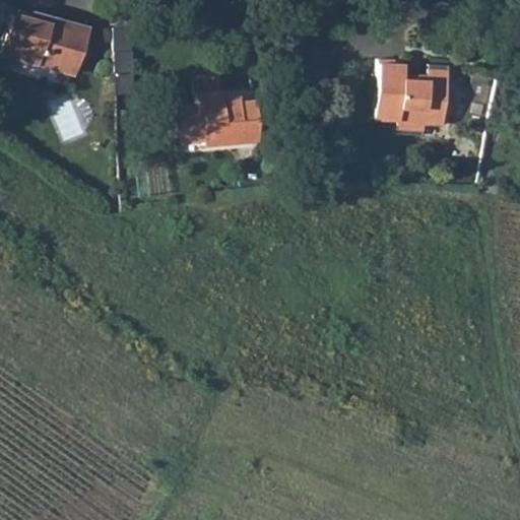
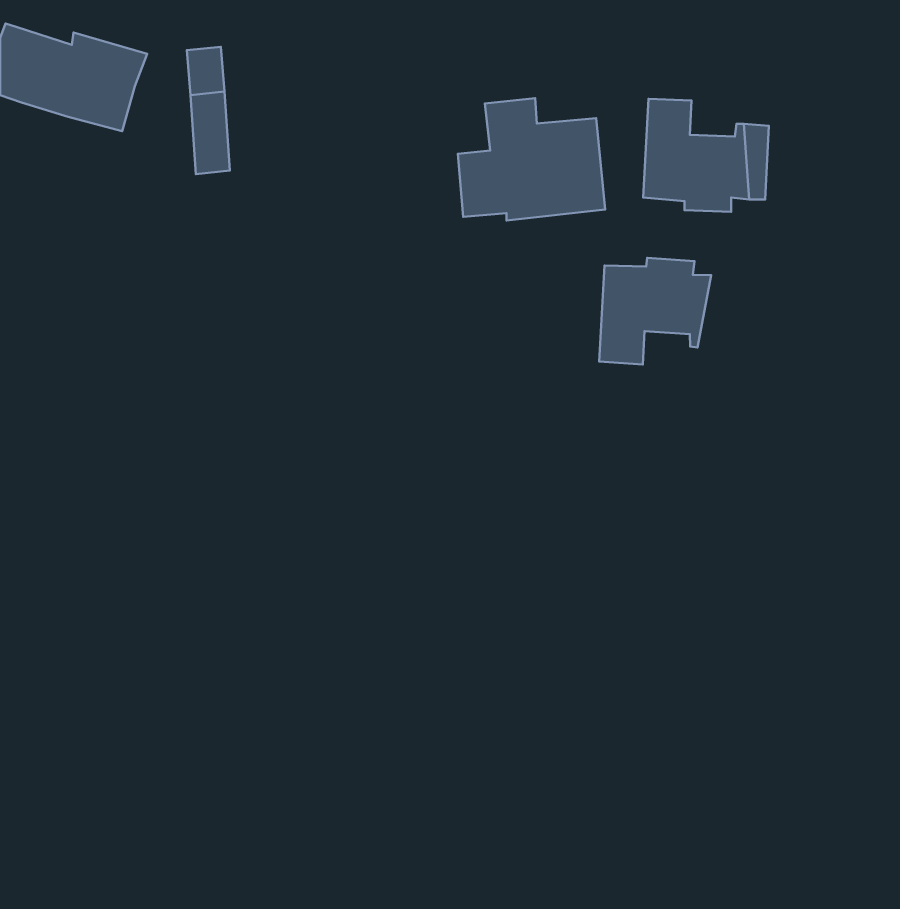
building: [180,78,263,147] -> [458,98,605,220]
building: none -> [599,258,711,364]

